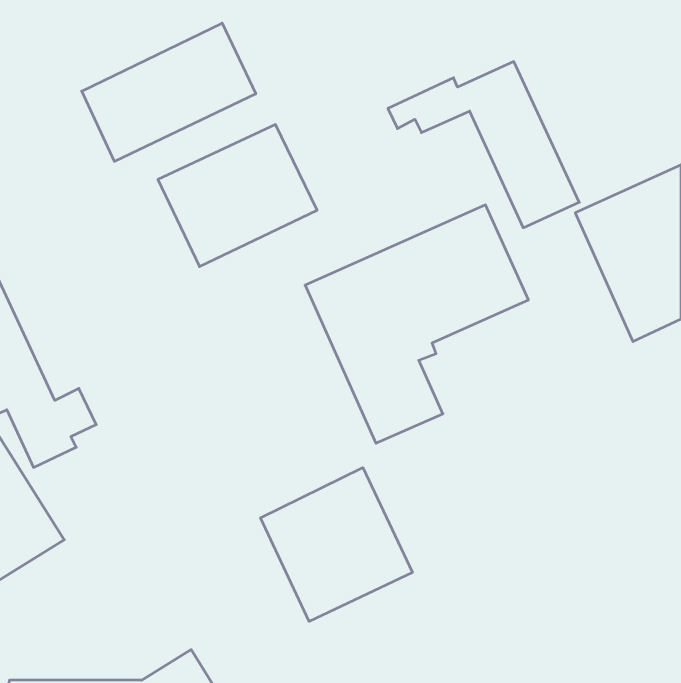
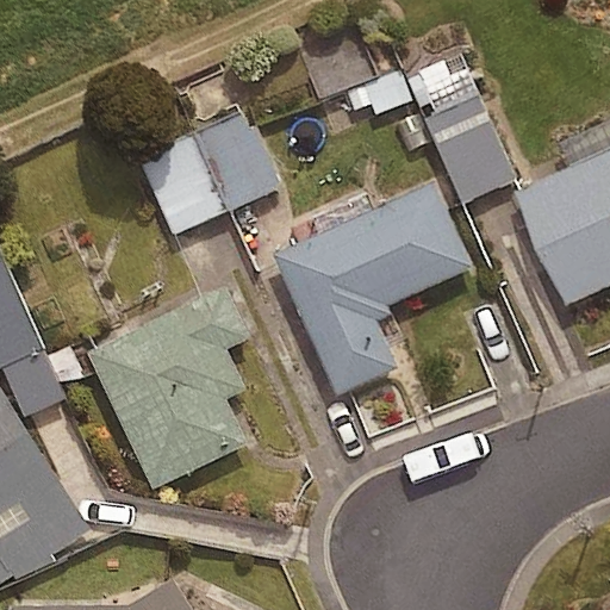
building: [82,23,256,161] -> none
building: none -> [85,287,248,488]
building: [261,468,412,621] -> none

